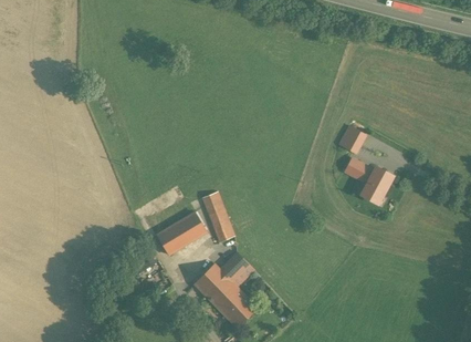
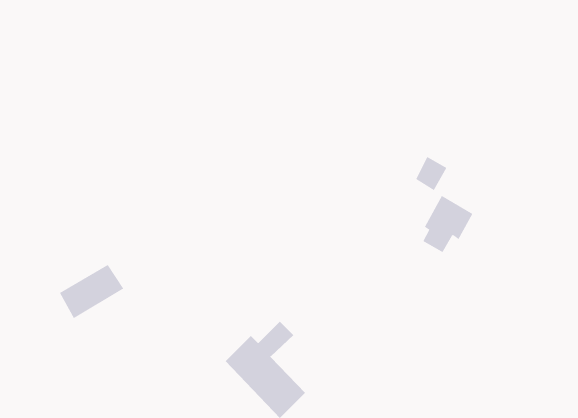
building: [203,193,236,243] -> none
building: [158,214,208,256] -> [59,264,124,319]

